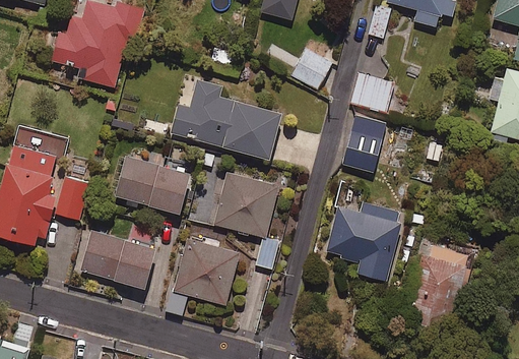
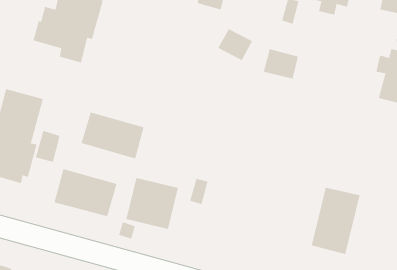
building: [171,82,281,162] -> none
building: [342,116,386,174] -> none
building: [209,168,275,233] -> none
building: [326,204,403,284] -> none

